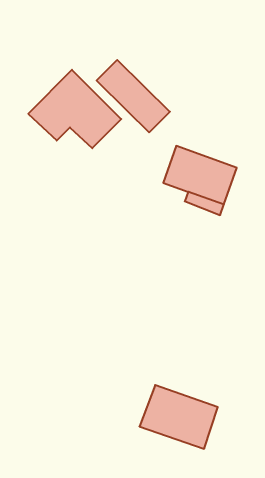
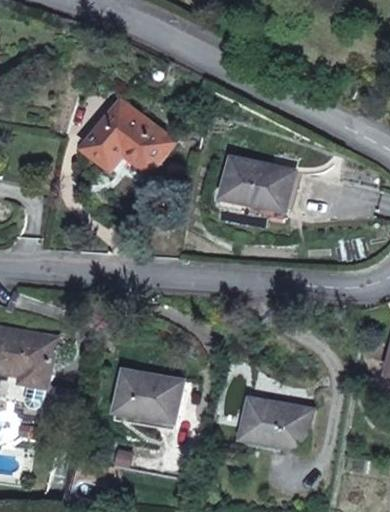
building: [97,60,170,132] -> none
building: none -> [114,369,181,421]

